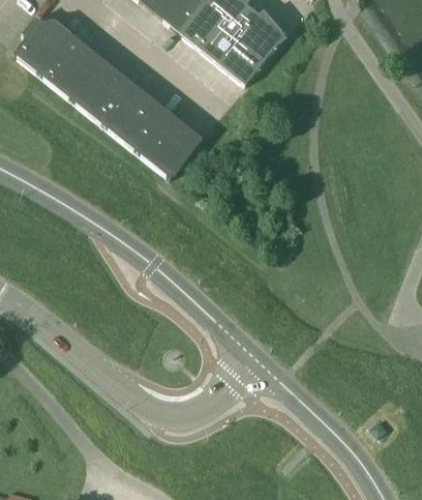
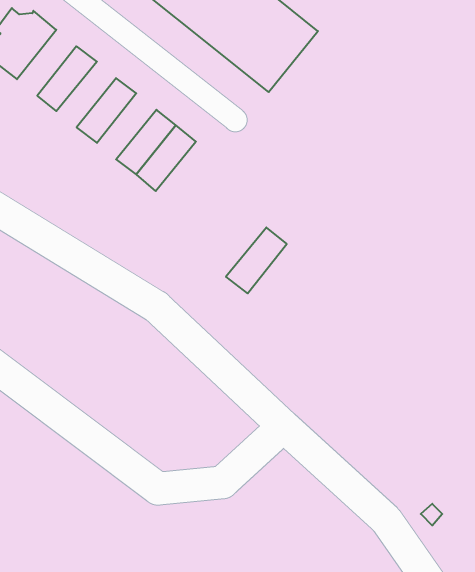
building: [40,33,89,87] -> none
building: [72,59,121,113] -> none
building: [106,85,154,139] -> none
building: [153,124,203,178] -> [226,227,287,293]

